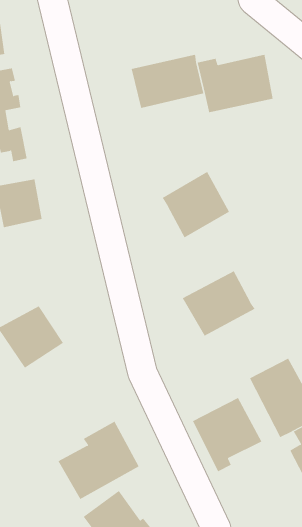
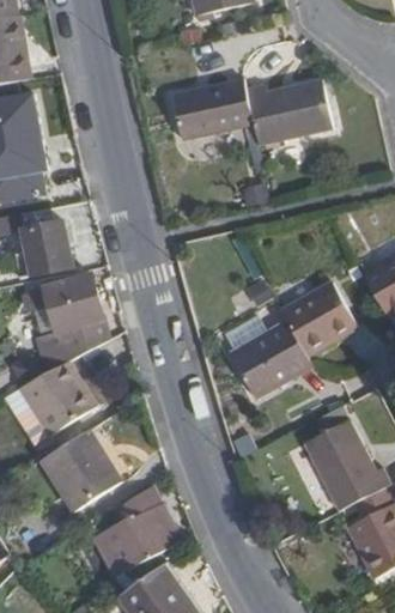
building: [162,171,230,238] -> [279,281,356,357]
building: none -> [43,271,101,360]
building: none -> [37,430,116,511]
building: [192,397,262,472] -> none

